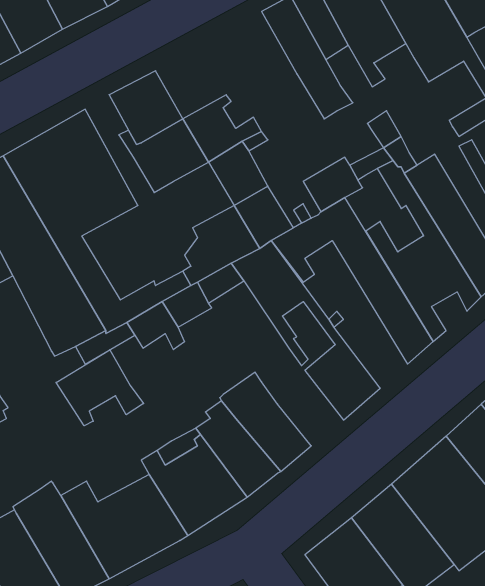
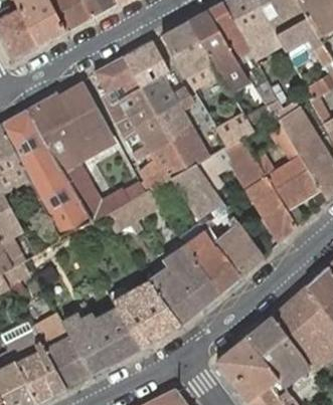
building: none -> [163,20,211,82]
building: none -> [123,41,169,87]
building: none -> [122,115,172,161]
building: none -> [185,231,240,292]
building: [56,350,144,426] -> none

